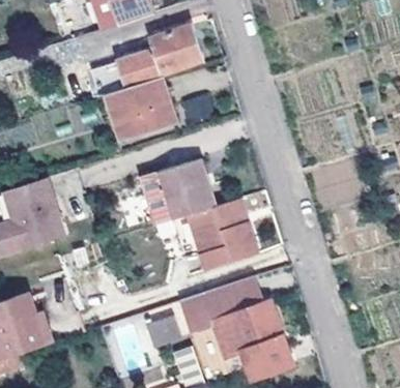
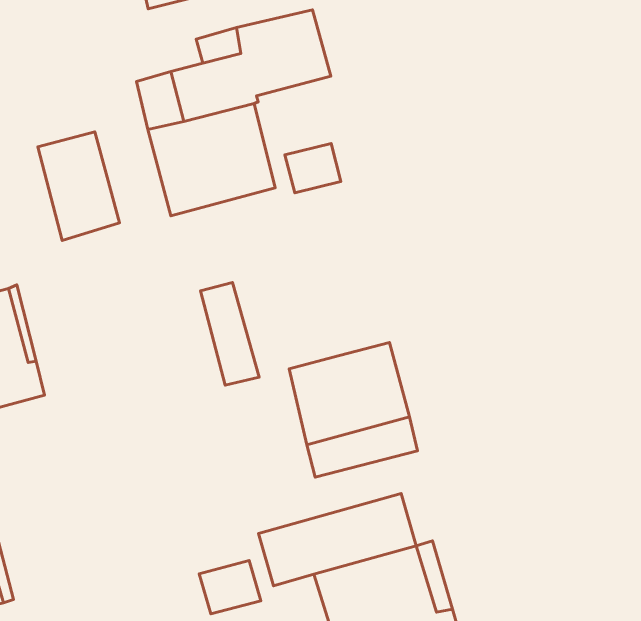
building: none -> [38,132,120,241]
building: [156,156,215,219] -> none

